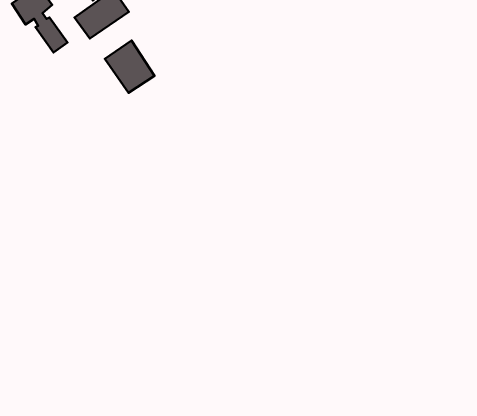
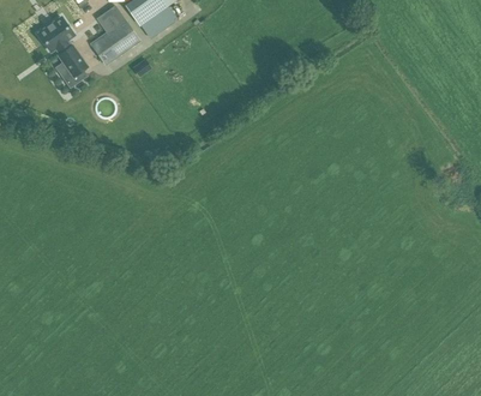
building: [105,40,155,93] -> none

